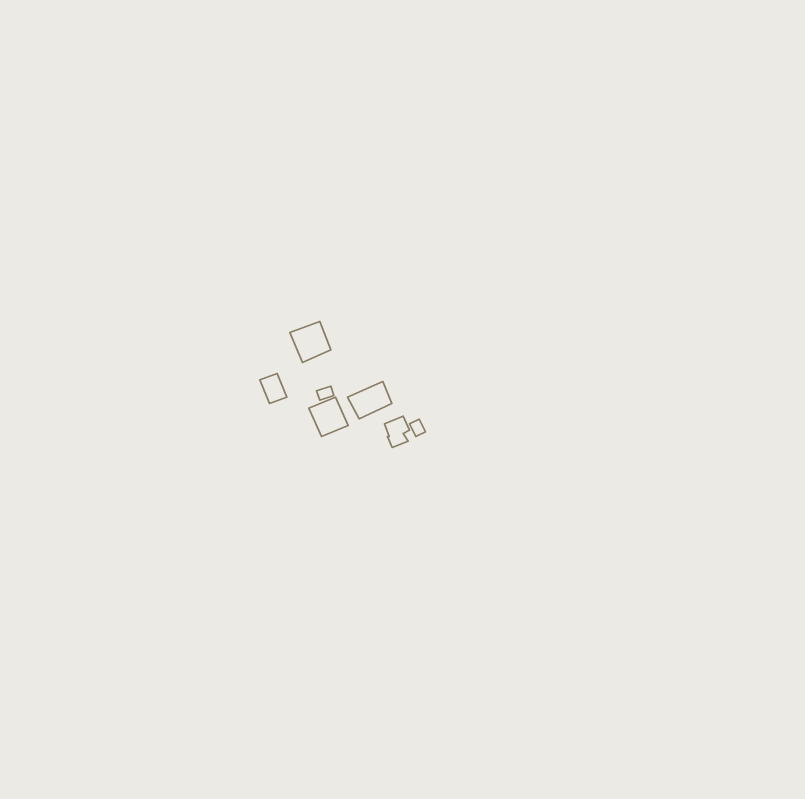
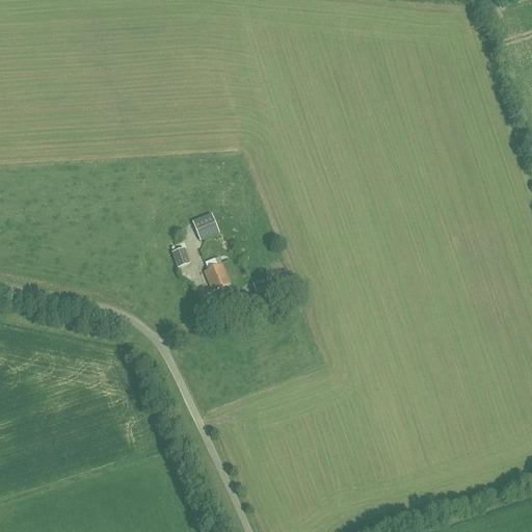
building: [348,382,392,419] -> none

